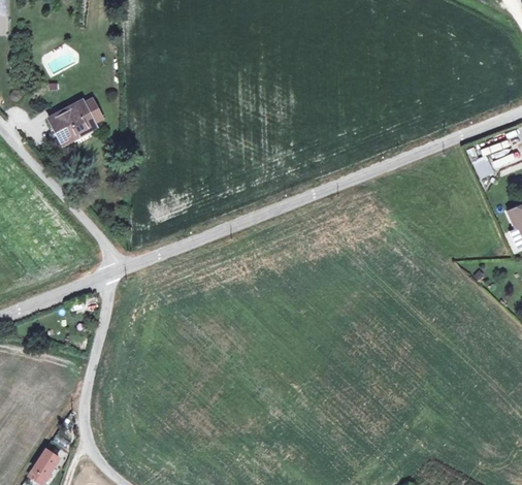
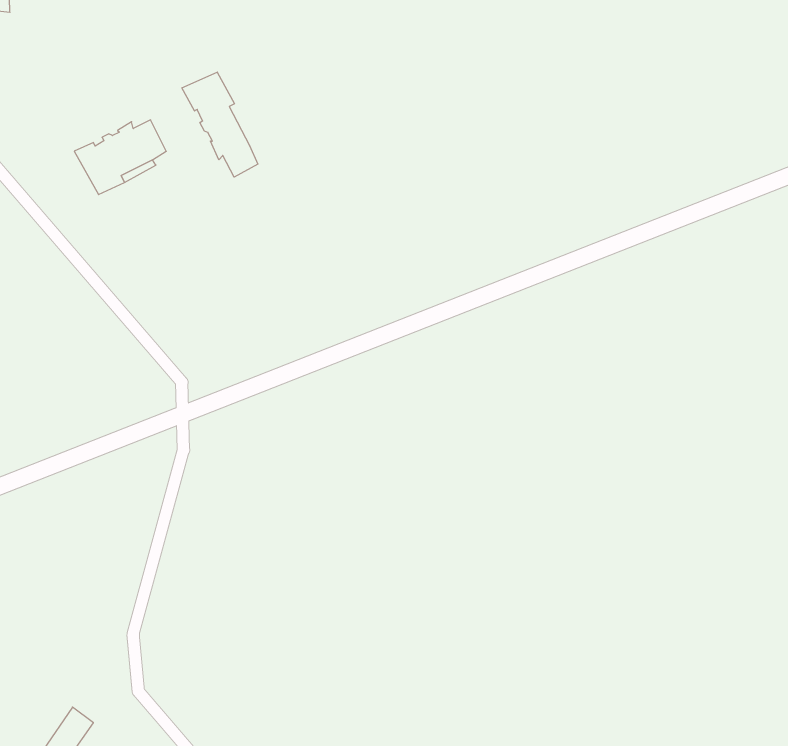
building: none -> [182,72,258,177]

